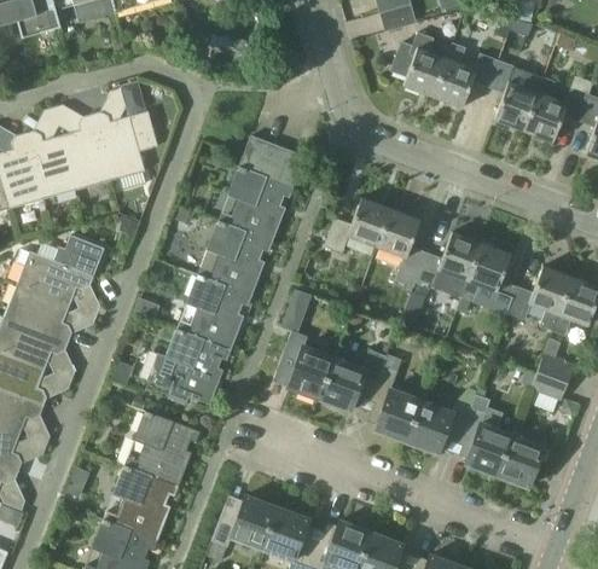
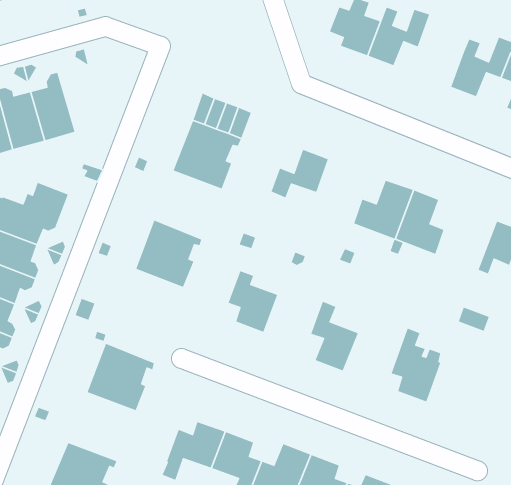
building: [487,51,536,130] -> none
building: [92,111,158,180] -> none
building: [376,209,425,286] -> none
building: [197,222,272,297] -> none
building: [506,266,573,331] -> none
building: [149,330,230,405] -> none
building: [536,338,573,382] -> none
building: [318,350,387,411] -> none
building: [405,400,470,454] -> none
building: [497,432,544,487] -> none
building: [103,465,178,540] -> none

